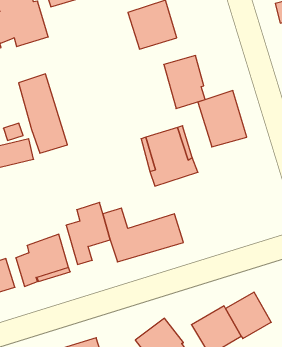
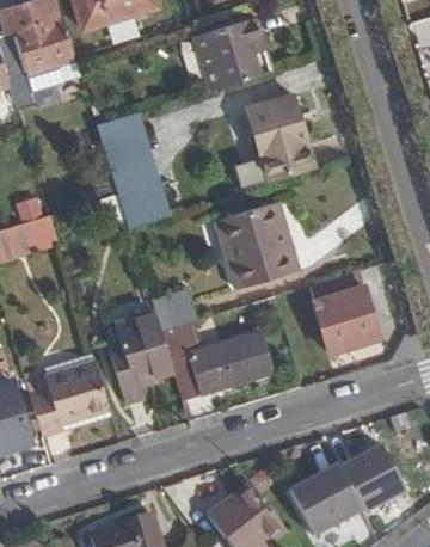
building: [19,74,67,153] -> [97,112,168,228]
building: [198,91,247,147] -> [309,268,381,350]
building: none -> [148,284,192,330]

